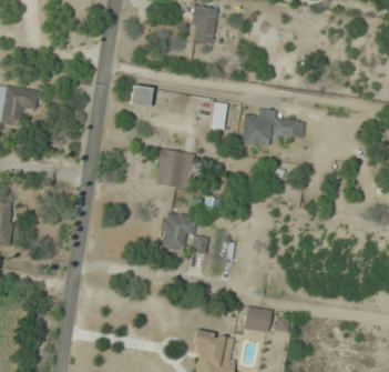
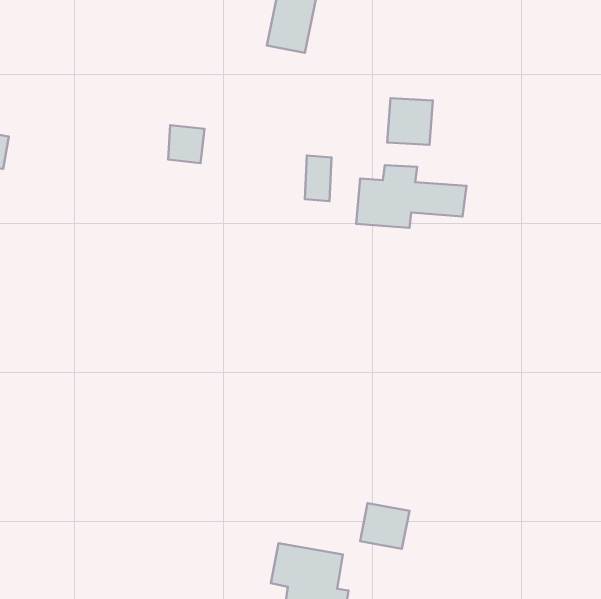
building: none -> [387,98,433,145]
building: [155,148,195,189] -> none
building: [160,212,208,253] -> none

